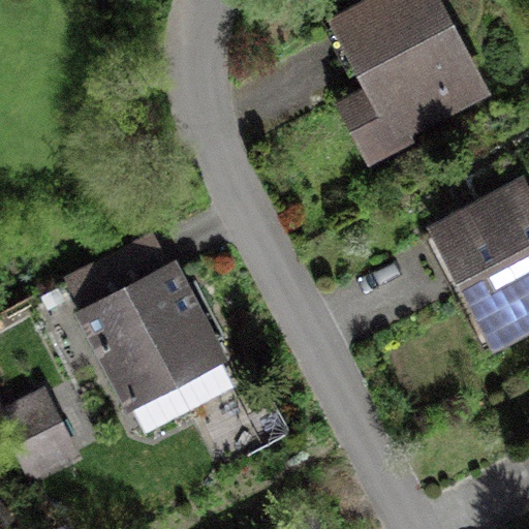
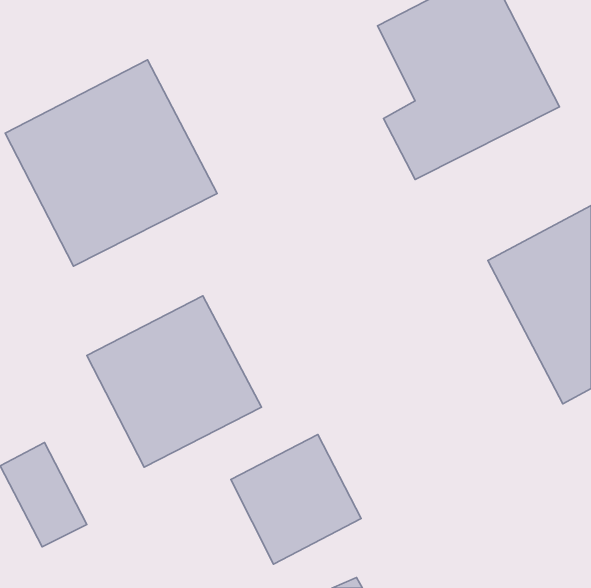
building: none -> [5,60,217,266]
building: none -> [231,435,361,564]

